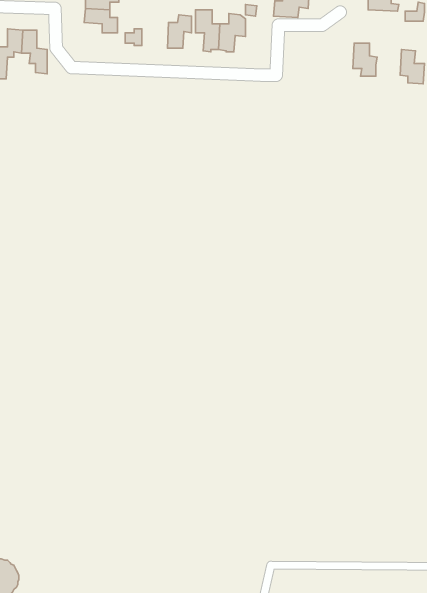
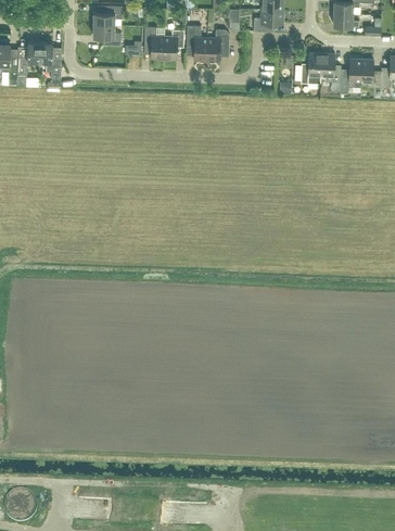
building: none -> [144,26,164,58]
building: none -> [301,52,321,84]
building: none -> [340,59,361,93]

